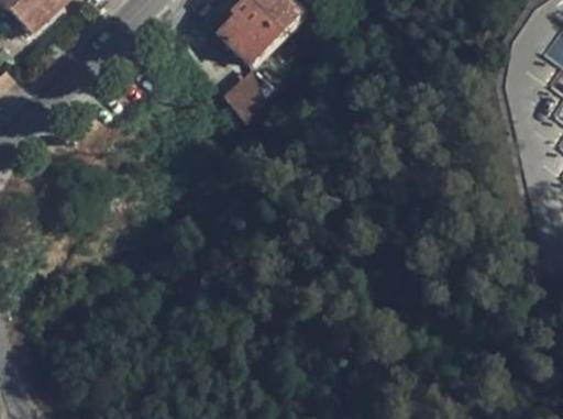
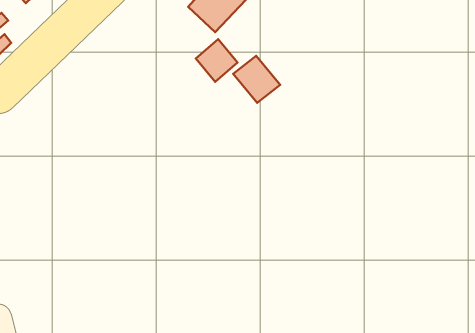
building: none -> [233,56,280,103]

